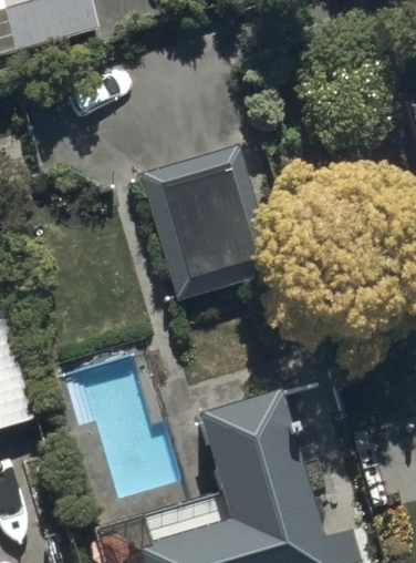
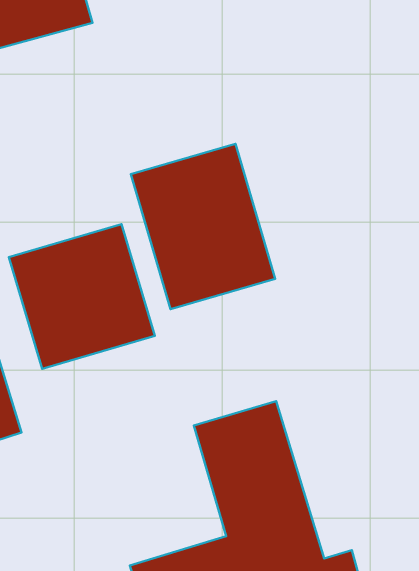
building: none -> [9,224,155,369]

